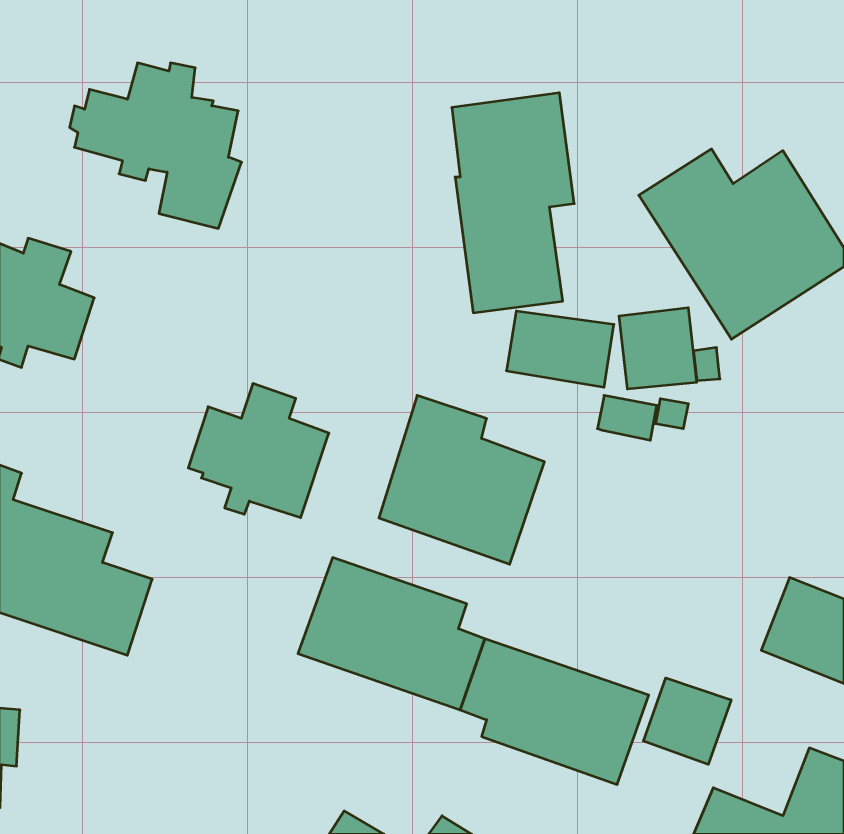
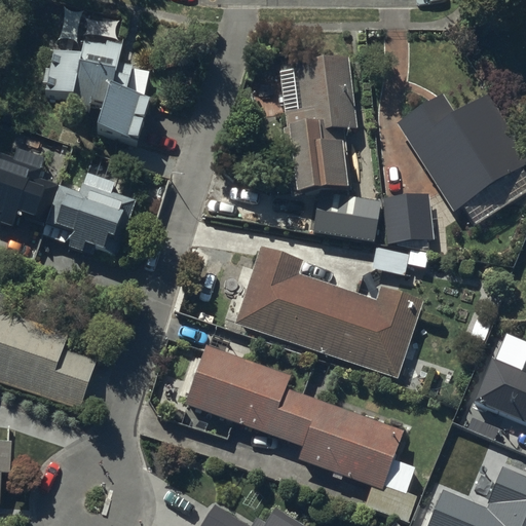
building: [188,384,329,518] -> [46,171,134,254]
building: none -> [316,287,422,377]
building: [643,678,731,764] -> none

